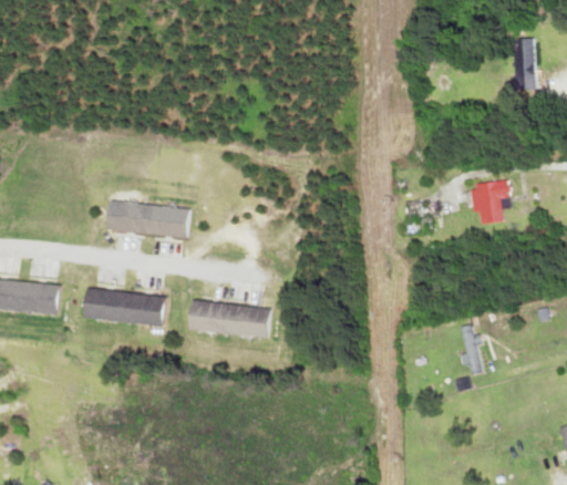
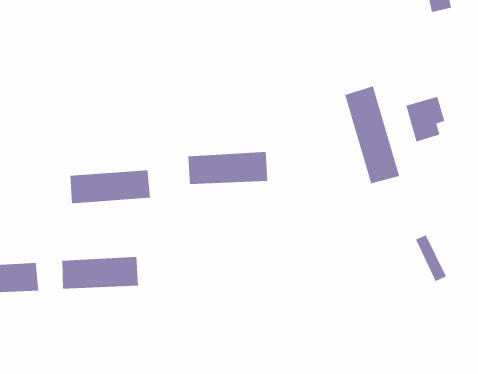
building: none -> [345,85,400,184]
building: [186,300,272,340] -> [188,152,268,185]

